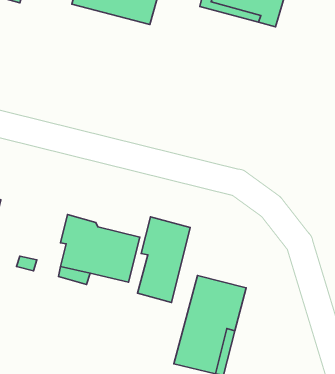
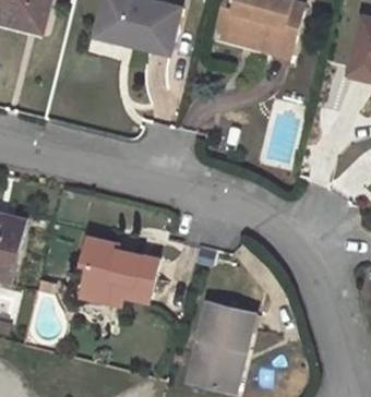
building: [138,217,190,302] -> none

